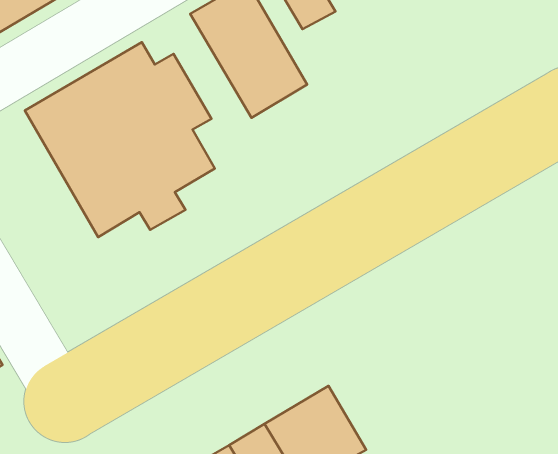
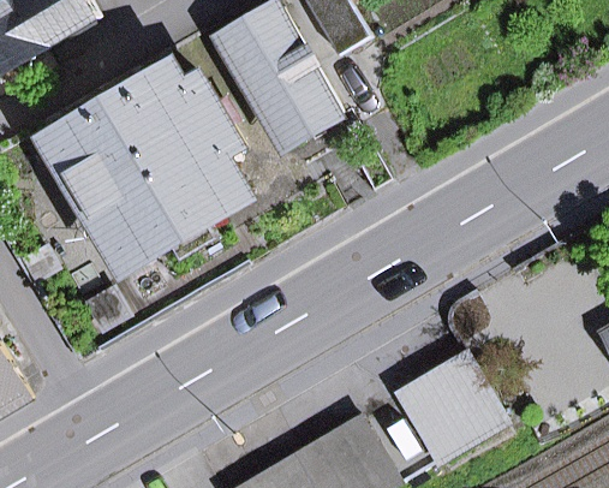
building: none -> [395,355,501,459]

